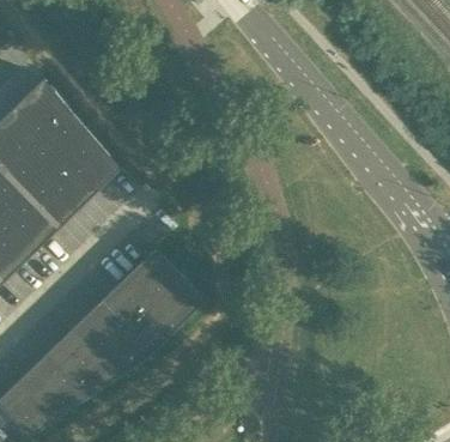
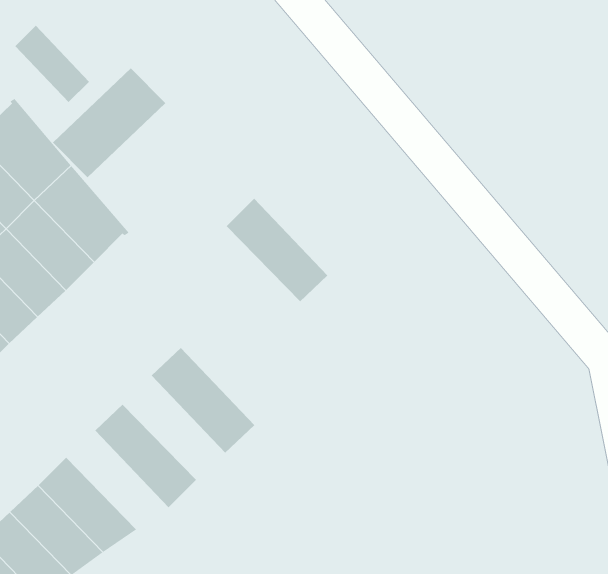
building: none -> [15,25,90,103]
building: none -> [52,67,166,178]
building: [116,266,186,337] -> [226,198,328,302]
building: [78,303,147,370] -> none

